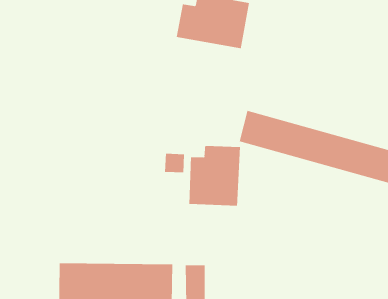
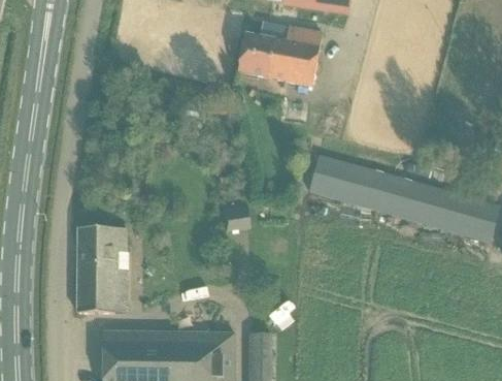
building: [189,145,240,207] -> none
building: none -> [77,227,126,313]

